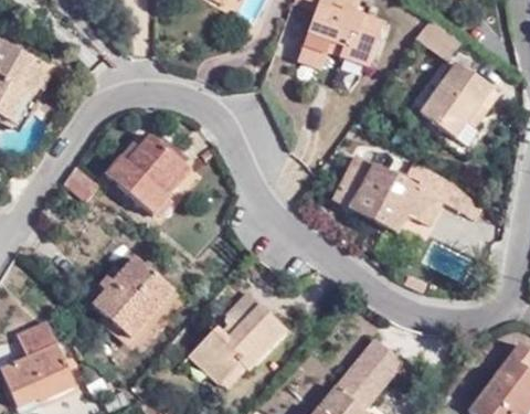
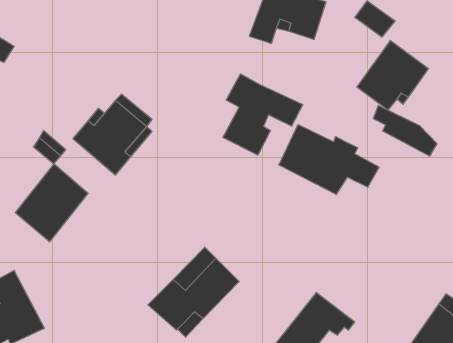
building: none -> [223,74,303,155]
building: [404,161,474,216] -> [373,105,437,156]
building: [96,253,176,338] -> [15,164,88,242]

